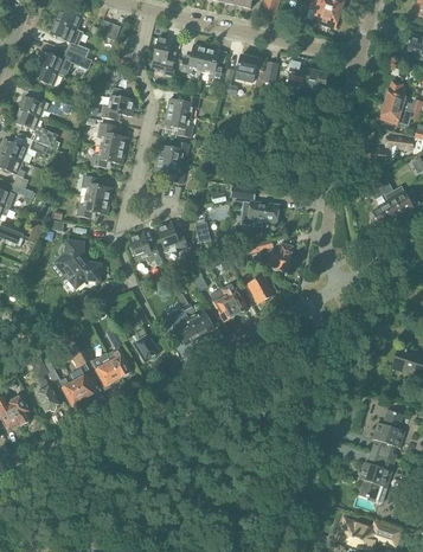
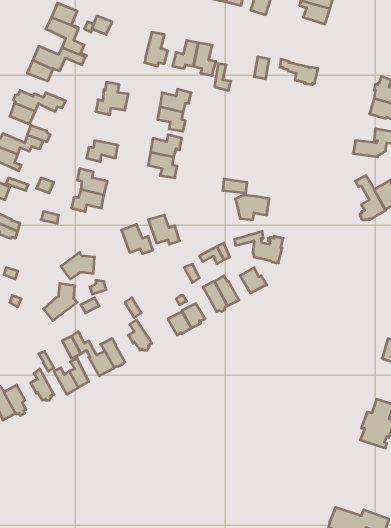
building: [236,53,263,82] -> none
building: [97,122,128,150] -> none
building: [51,240,85,278] -> [43,283,77,321]
building: [359,450,397,505] -> none

